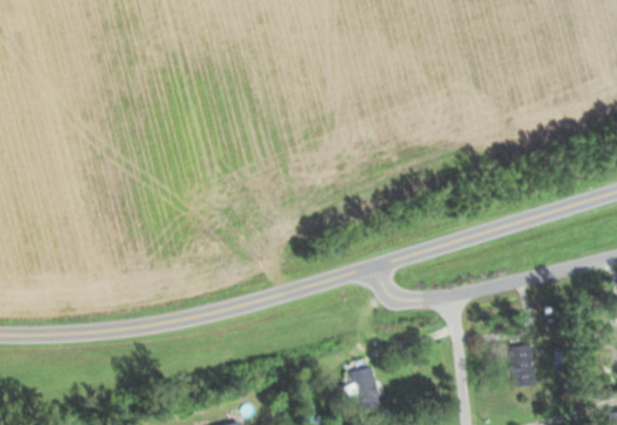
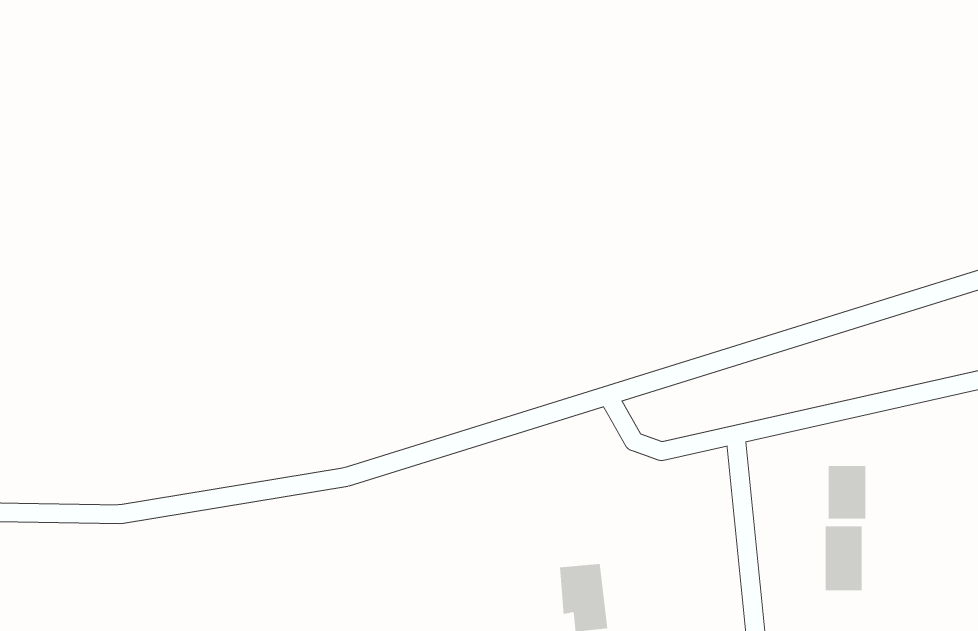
building: none -> [828,465,866,520]

